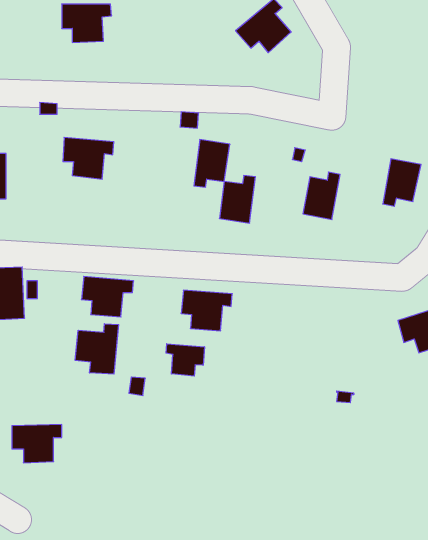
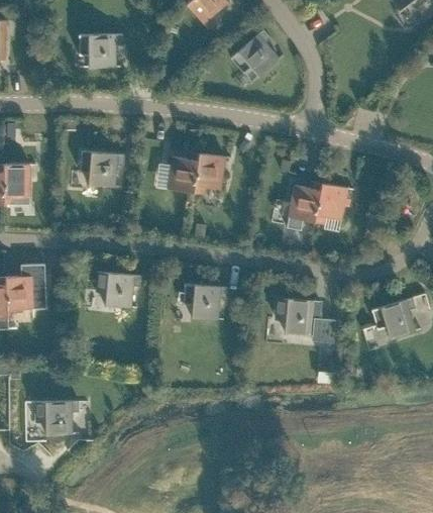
building: [383,159,421,206] -> [315,183,348,224]
building: [219,176,255,223] -> [169,151,200,193]
building: none -> [277,298,335,341]
building: [75,324,119,374] -> none
building: [166,344,204,376] -> none

